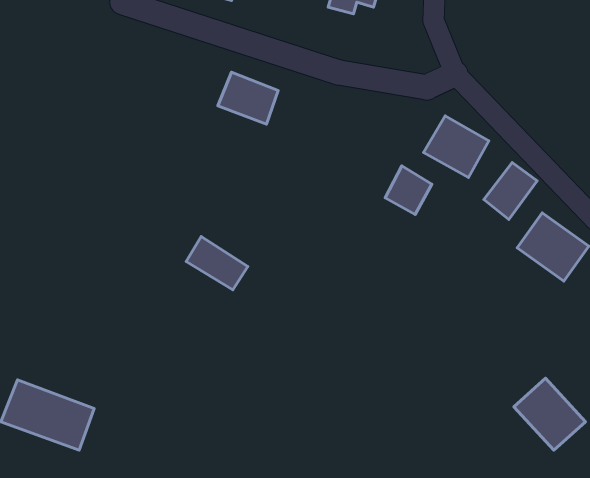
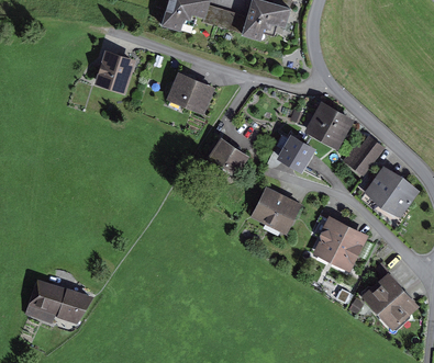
building: none -> [97,55,131,90]
building: [186,236,248,290] -> [203,138,244,173]
building: none -> [254,190,297,230]
building: none -> [315,223,361,268]

